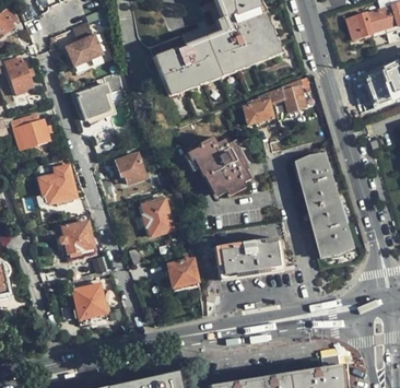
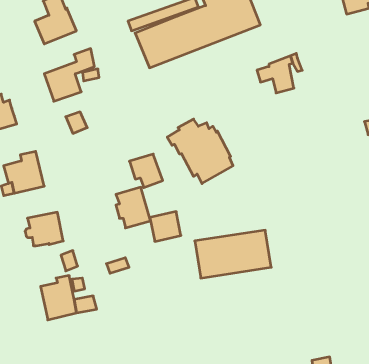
building: [244,91,274,125] -> none
building: [116,153,146,184] -> [129,154,163,188]
building: [298,156,353,255] -> none
building: [168,259,197,286] -> [150,212,181,241]

